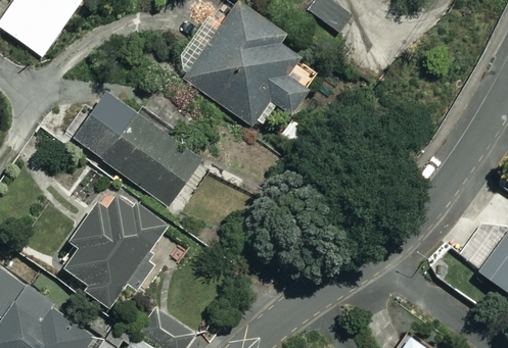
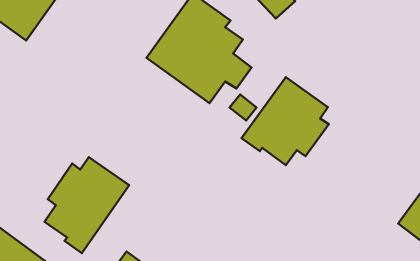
building: [72,92,199,205] -> none
building: none -> [242,77,329,165]

